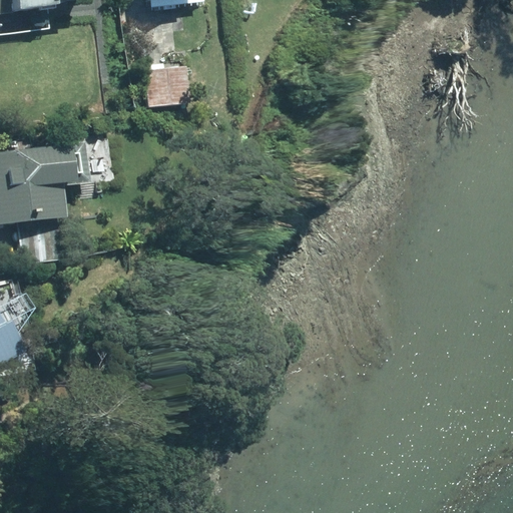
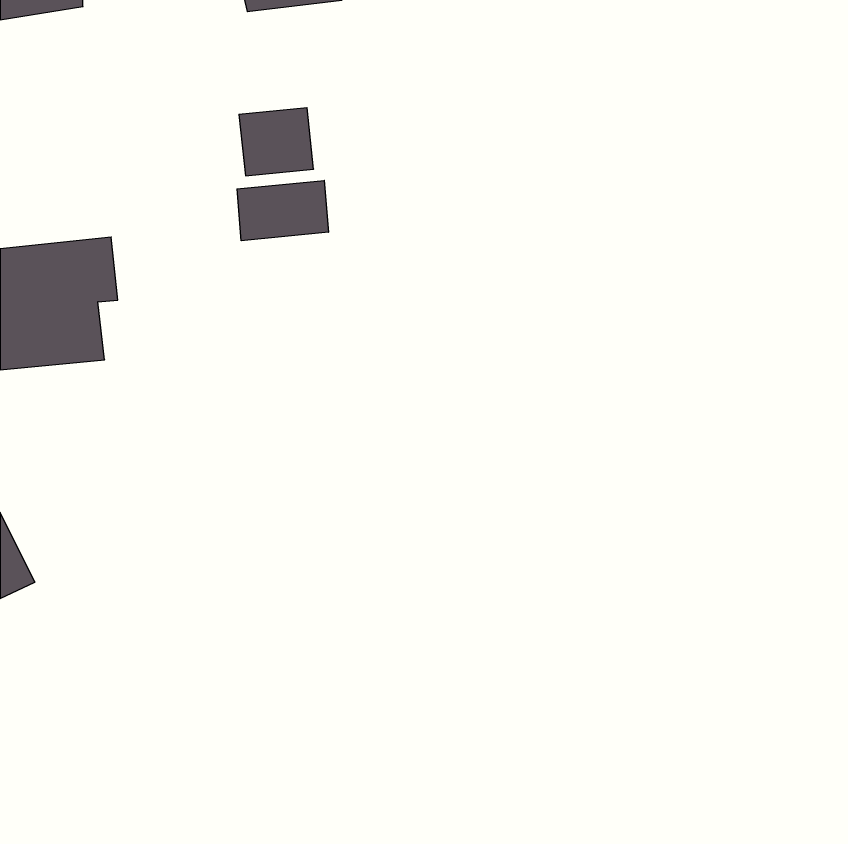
building: none -> [237,180,328,241]

